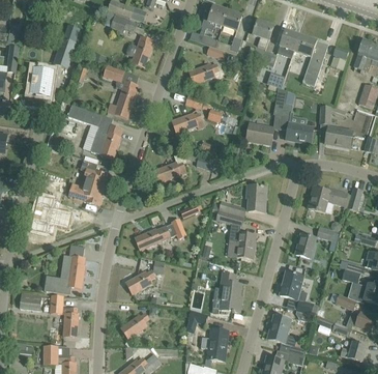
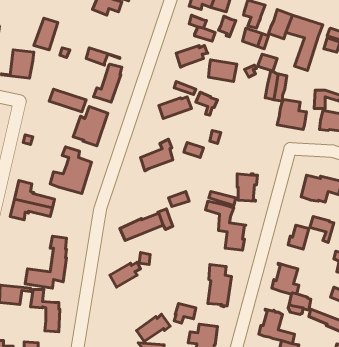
building: [125,35,152,67] -> none
building: [246,123,273,144] -> [208,60,237,82]
building: [120,312,152,338] -> [136,314,170,341]

